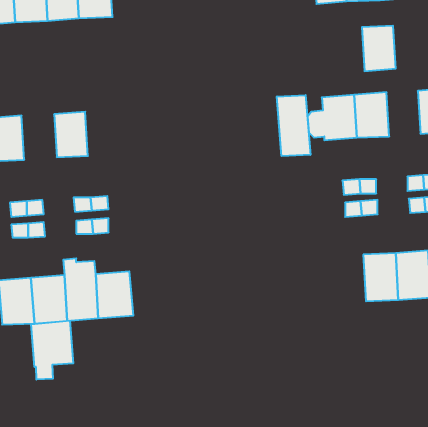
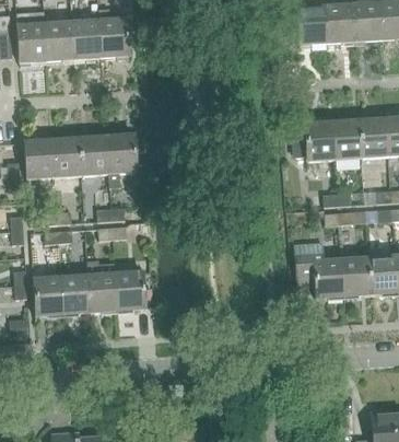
building: [362,26,396,71] -> [359,119,387,158]
building: [277,95,310,156] -> none
building: none -> [105,135,136,188]
building: none -> [51,139,81,177]
building: none -> [293,243,341,299]
building: [31,321,73,380] -> none

